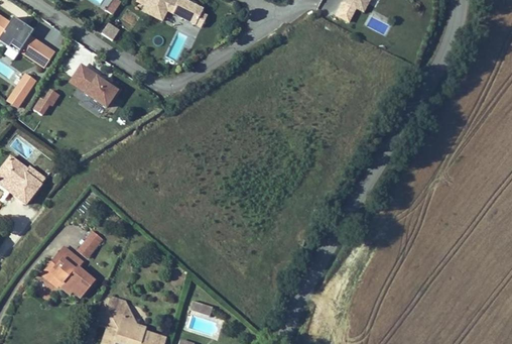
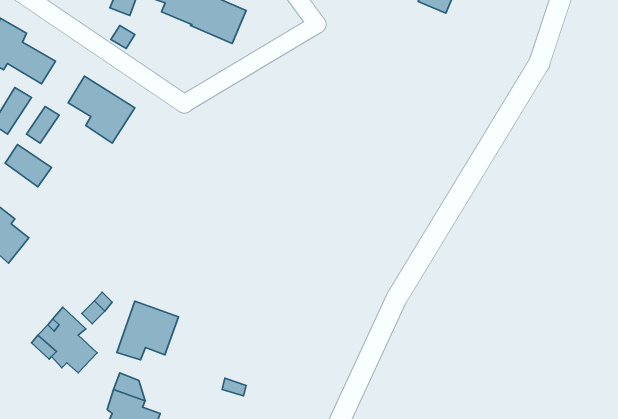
building: none -> [5,145,51,187]
building: none -> [117,301,179,360]

